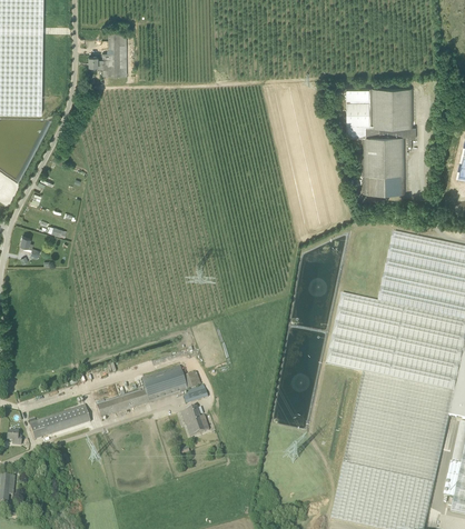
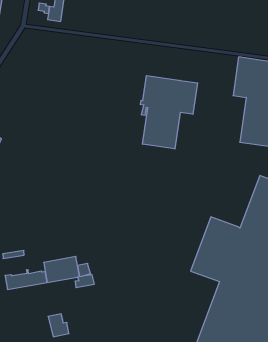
building: none -> [140,76,198,149]
building: [180,407,209,437] -> [48,314,69,337]

